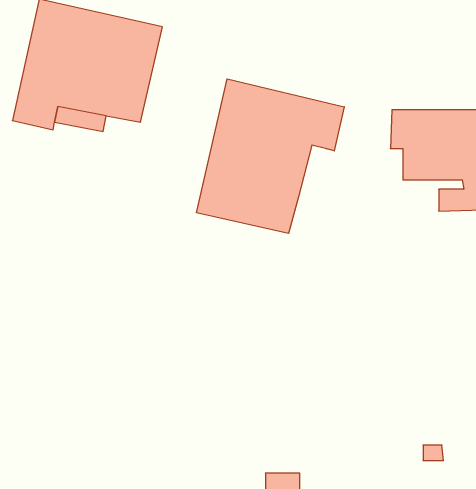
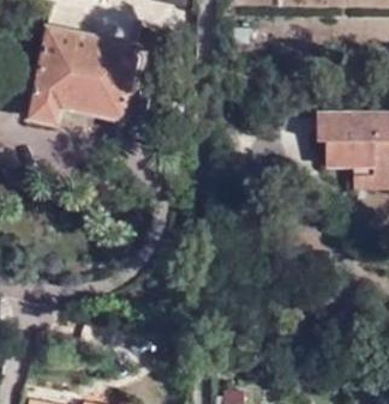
building: [197,79,344,233] -> none

